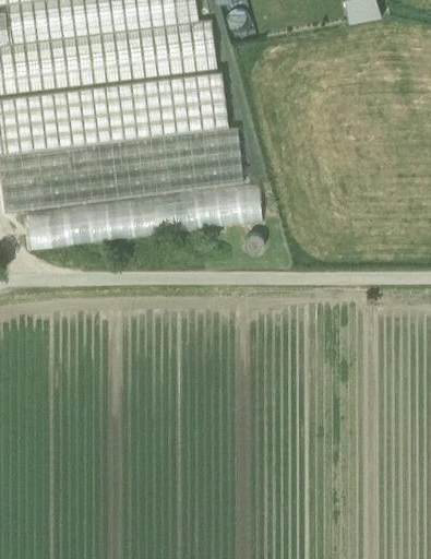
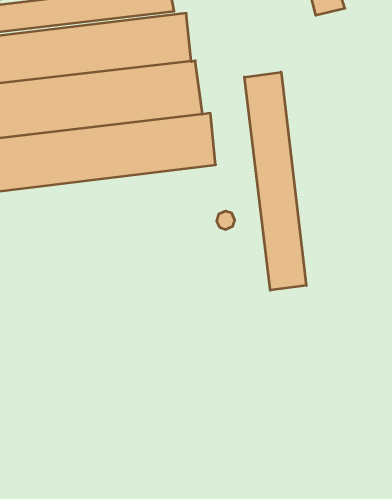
building: none -> [244,72,306,290]
building: [19,181,258,248] -> none

